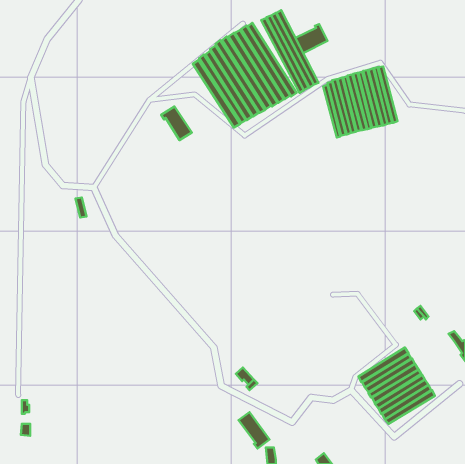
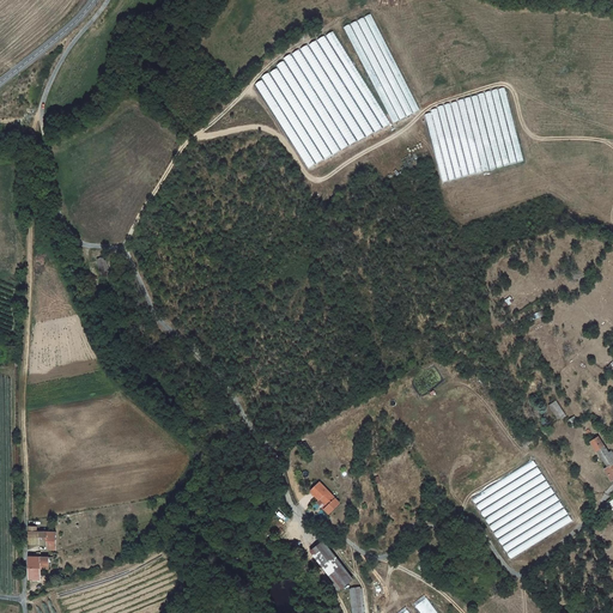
building: [296,24,327,53] -> none
building: [161,106,192,140] -> none

